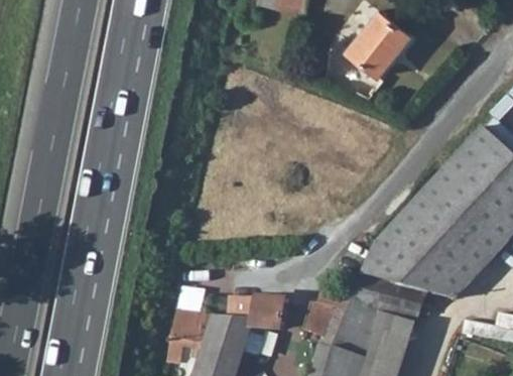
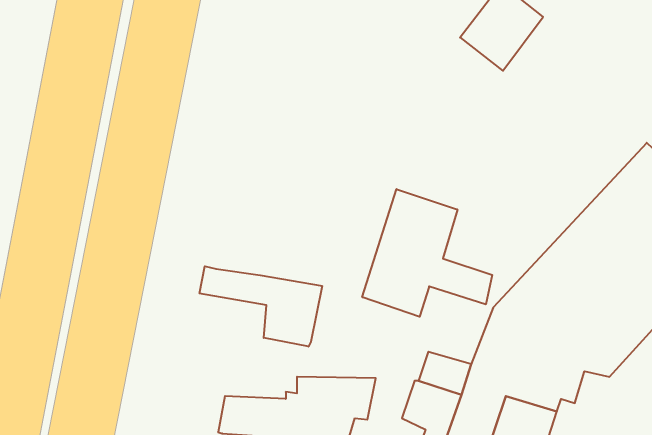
building: none -> [362,189,492,317]
building: none -> [200,266,322,347]

